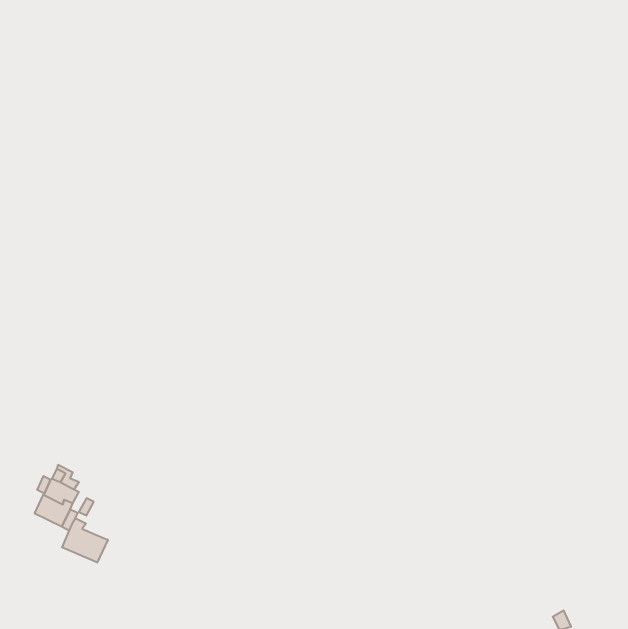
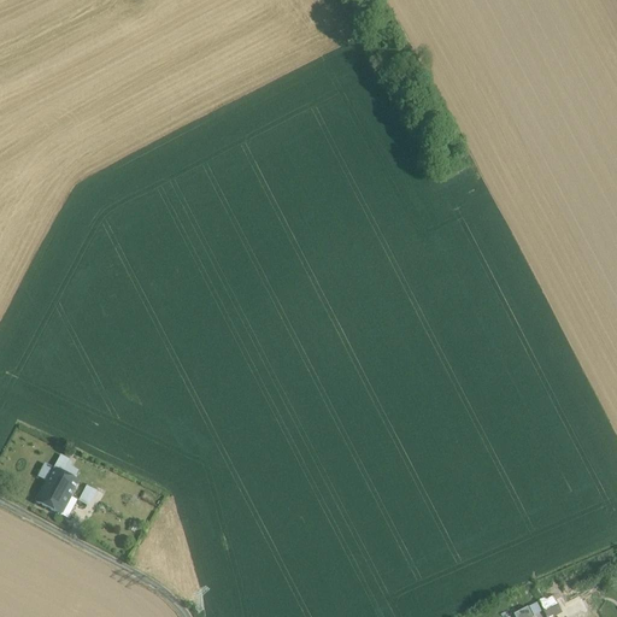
building: [62,518,108,563] -> none

